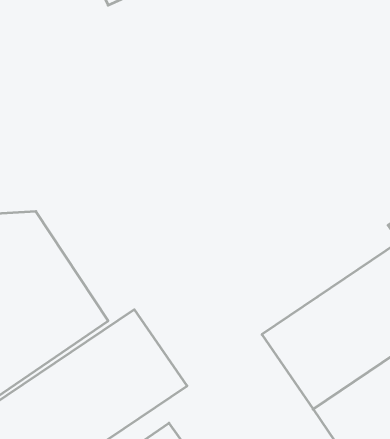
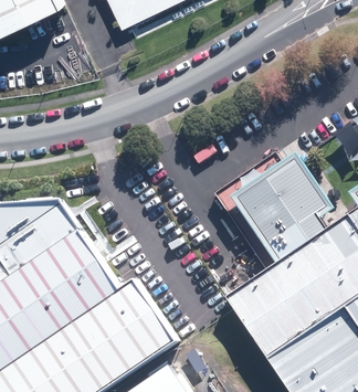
building: none -> [213,153,328,265]

